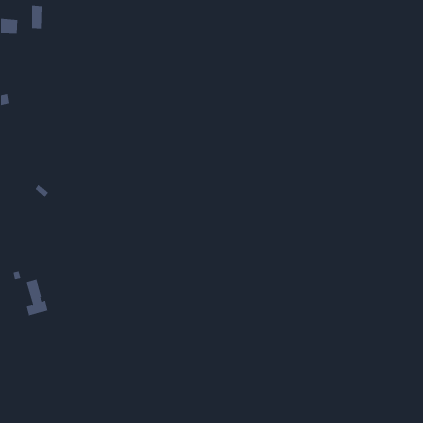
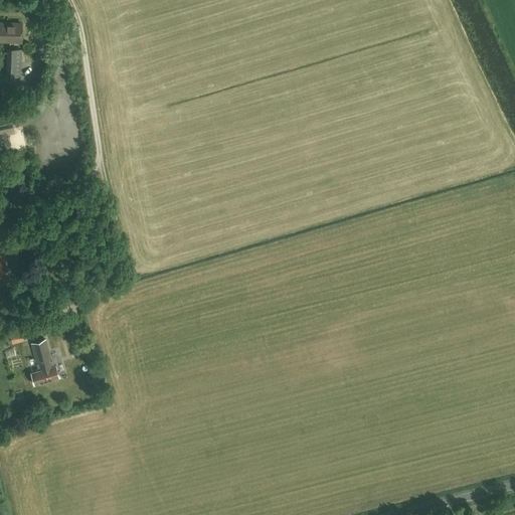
building: [31,5,43,29] -> [9,49,23,78]

